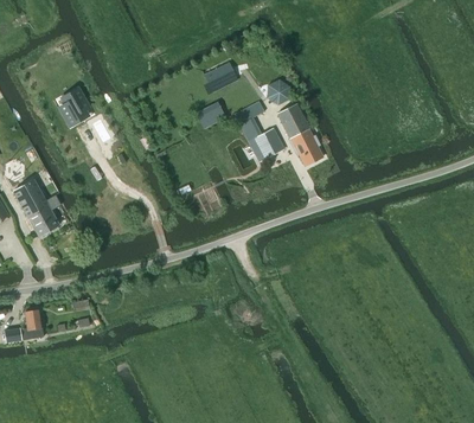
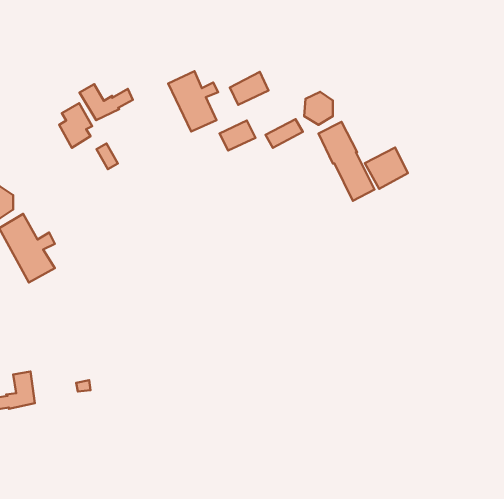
building: none -> [168,71,218,132]
building: none -> [80,84,133,120]
building: [248,127,283,161] -> [365,147,408,189]

